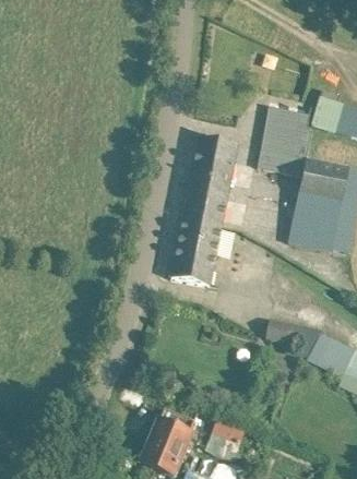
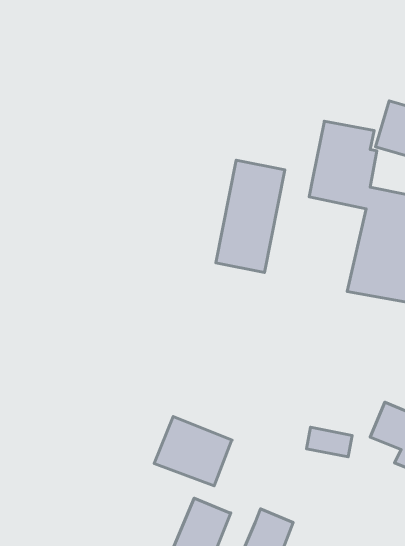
building: [169,219,221,286] -> none
building: [265,321,302,345] -> [306,427,352,457]
building: none -> [154,417,232,486]

